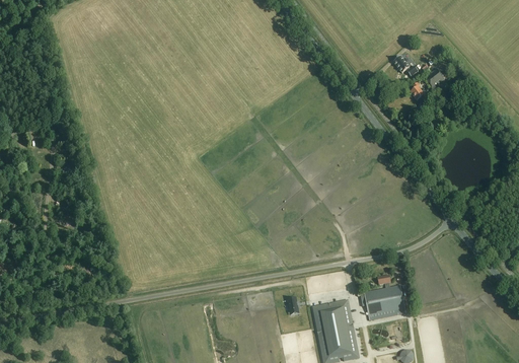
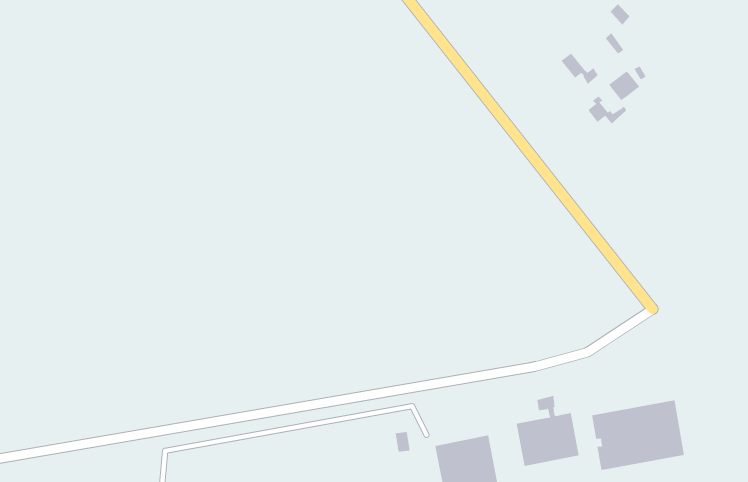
building: none -> [592,399,685,471]

